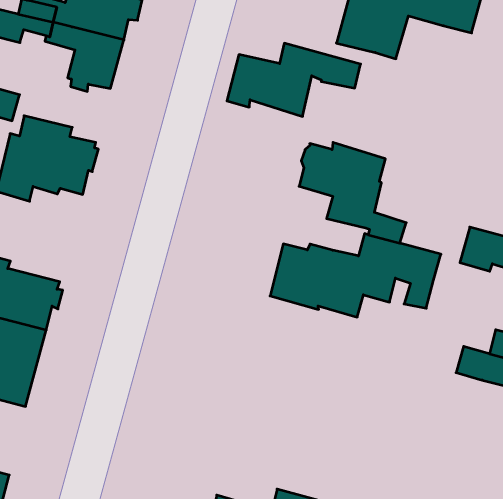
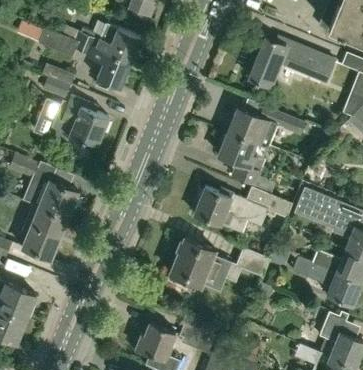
building: [227,43,361,116] -> [227,105,304,147]
building: none -> [170,238,269,288]

